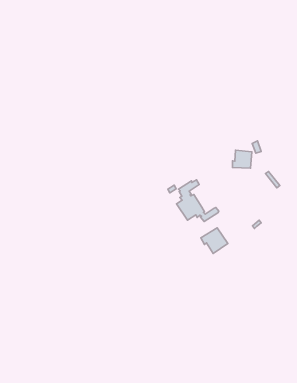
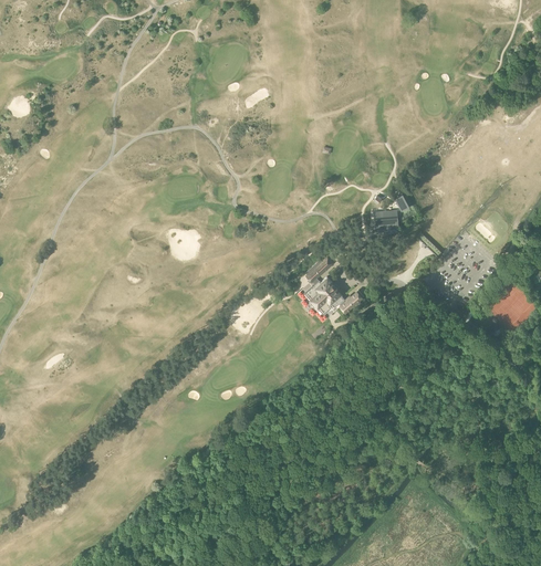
building: [201,228,228,253] -> none

